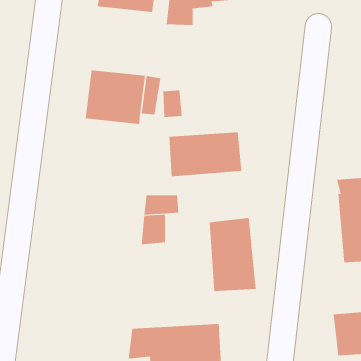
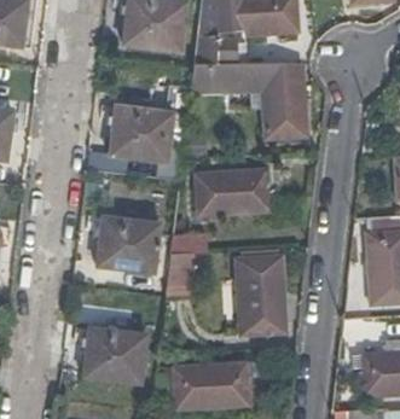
building: none -> [189,65,303,138]
building: none -> [97,217,158,272]
building: none -> [85,328,146,383]

